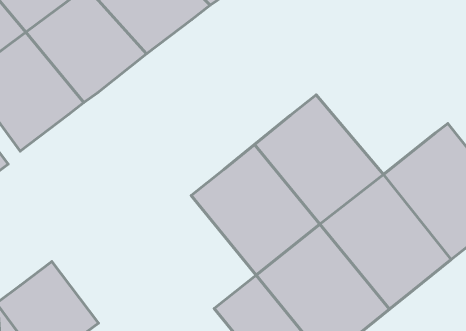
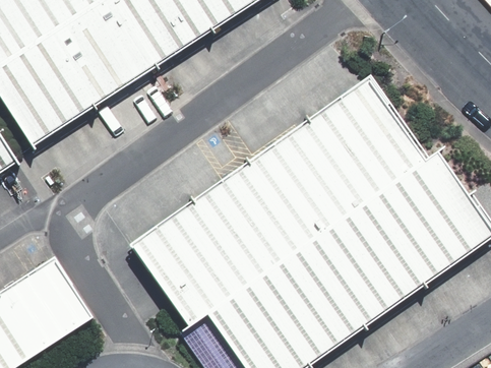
building: none -> [314,77,424,194]
building: none -> [128,201,246,323]

